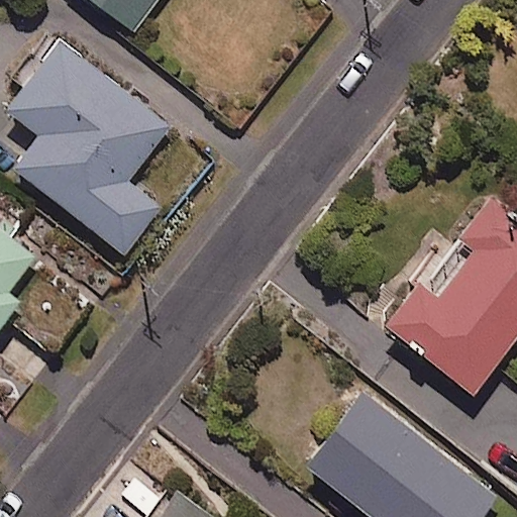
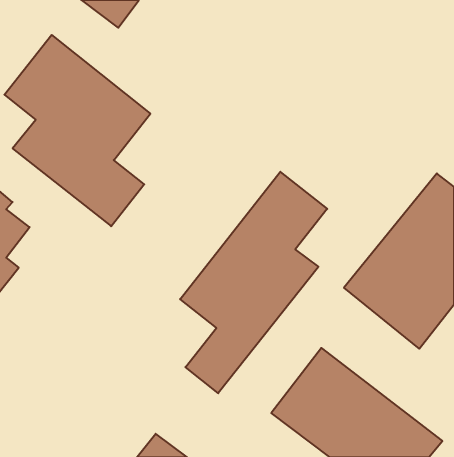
building: none -> [180,172,327,393]

